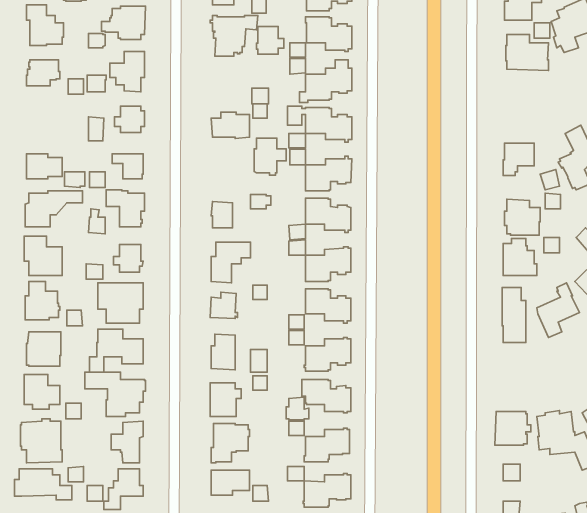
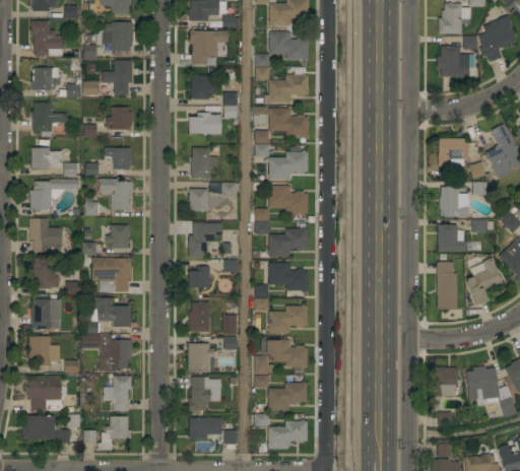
building: [257,27,284,54] -> [191,75,214,98]
building: none -> [32,103,67,137]
building: [254,138,286,175] -> [191,148,218,180]

